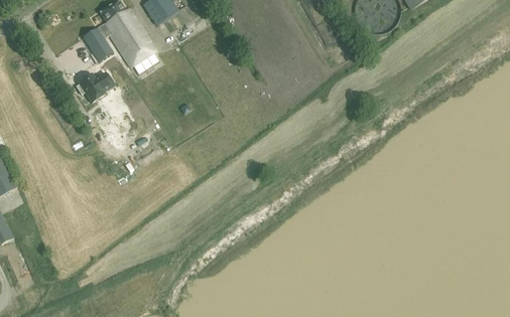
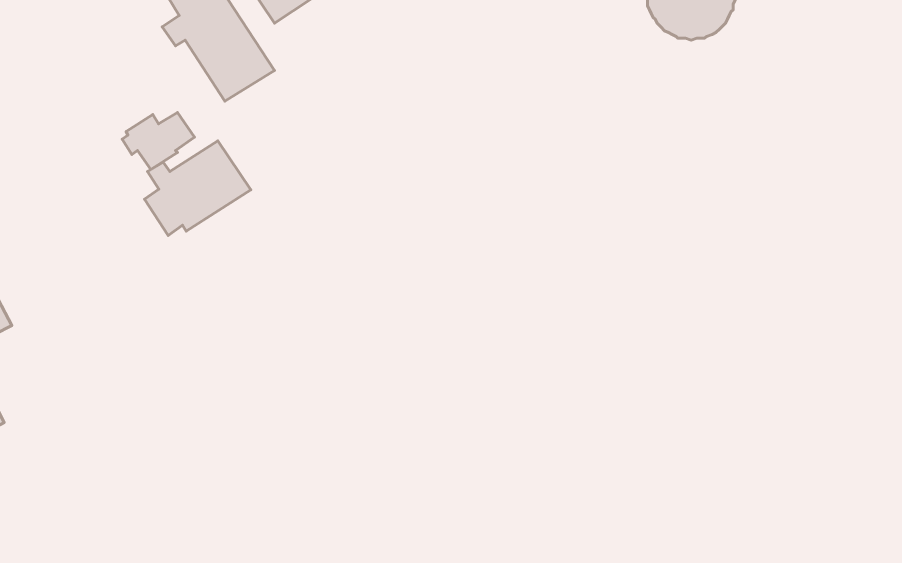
building: [83,27,113,61] -> none
building: none -> [145,141,251,235]

